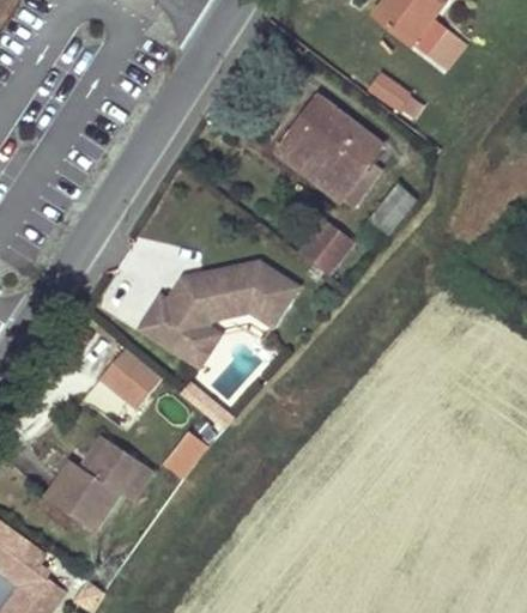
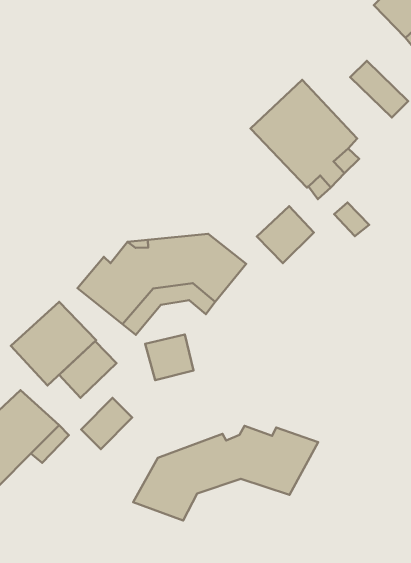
building: none -> [145,334,194,380]
building: none -> [59,341,117,398]
building: none -> [133,426,318,520]

